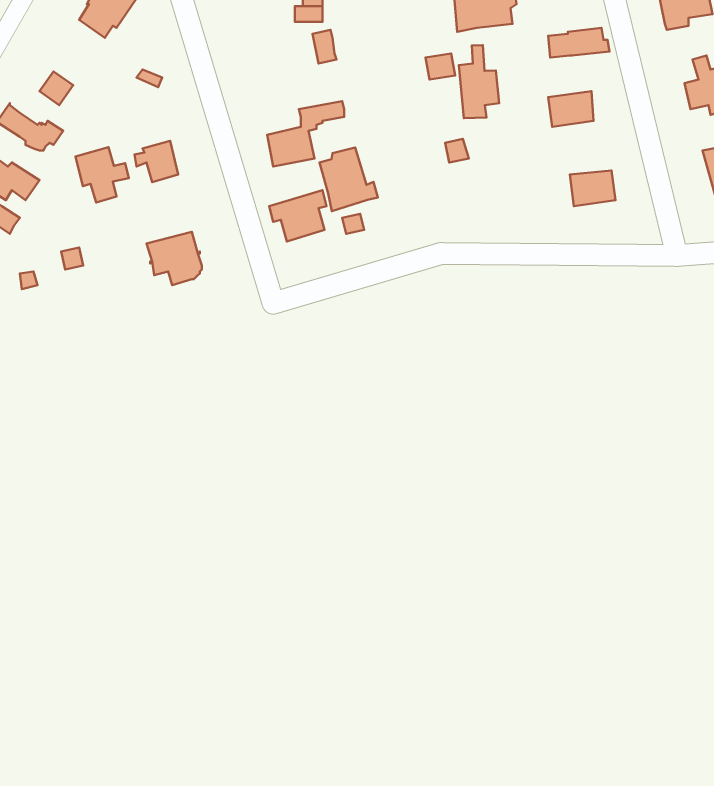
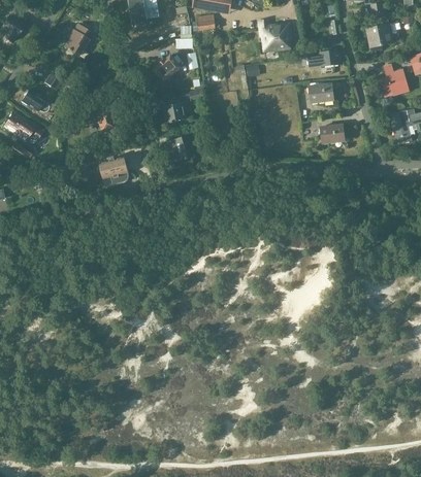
building: none -> [153,55,181,81]
building: [459,45,499,118] -> none
building: [76,147,129,202] -> none
building: [320,147,378,211] -> none

